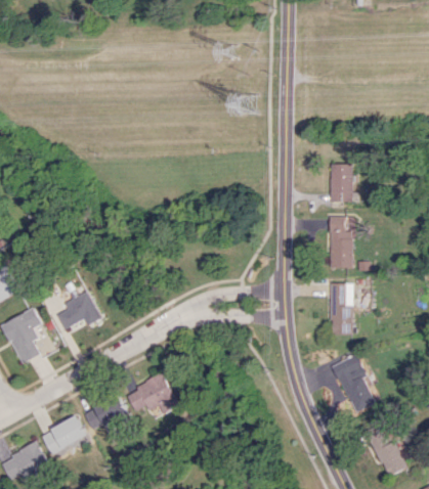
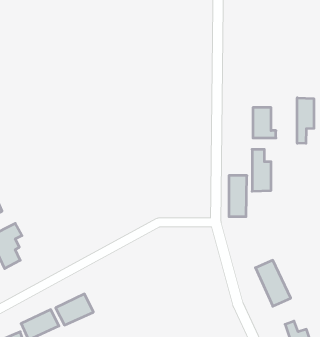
building: none -> [297,98,314,143]
building: [330,283,352,335] -> [229,176,247,217]
building: [57,291,102,329] -> none
building: [126,373,179,418] -> none

